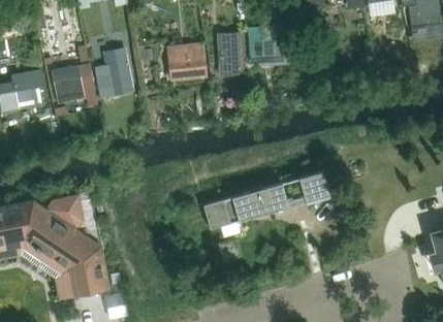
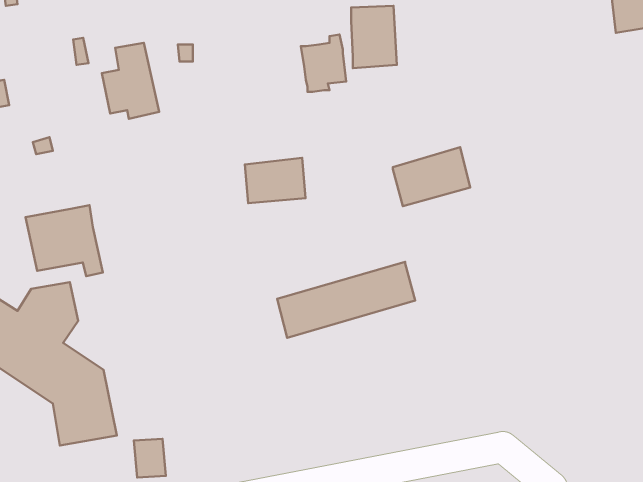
building: [167,54,204,82] -> [245,158,305,203]
building: [50,64,97,107] -> [25,205,103,276]
building: [282,170,329,206] -> [393,147,470,206]

